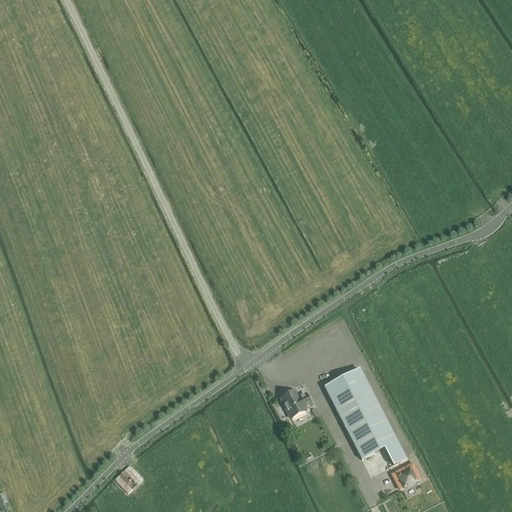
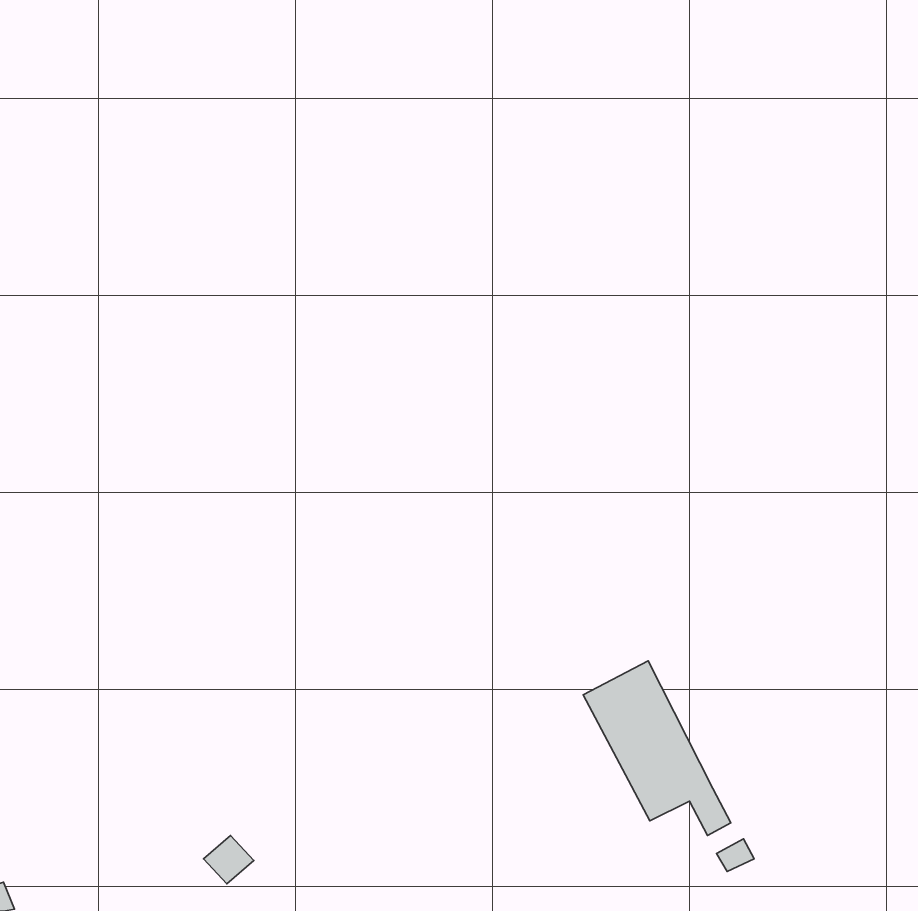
building: [280,389,311,414] -> none

